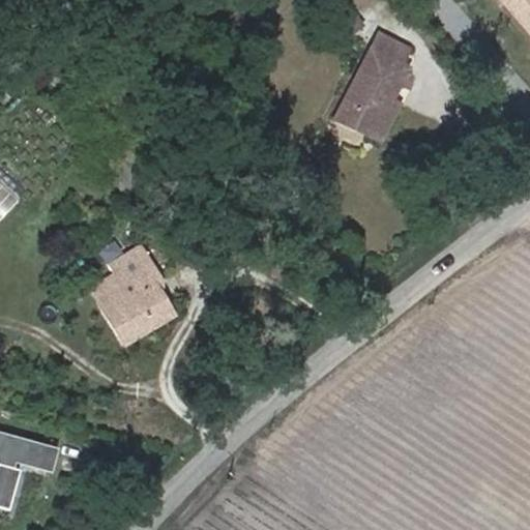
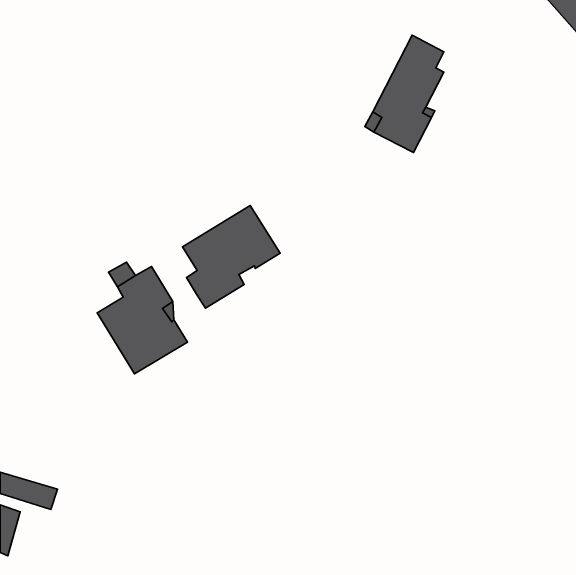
building: none -> [183,206,280,308]

